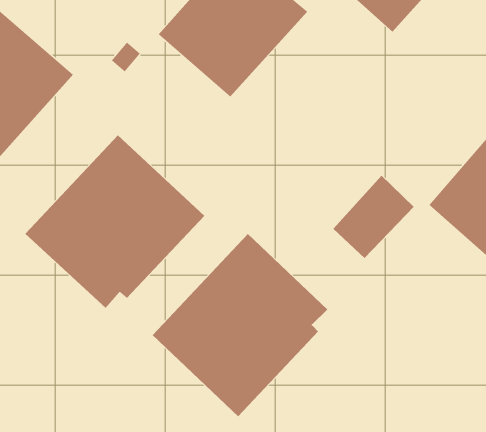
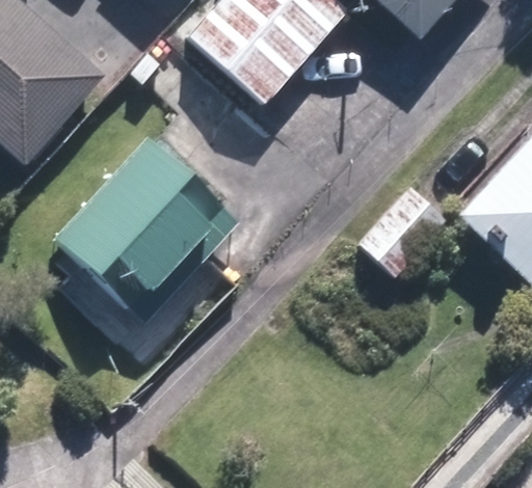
building: [152,233,328,417] -> none

